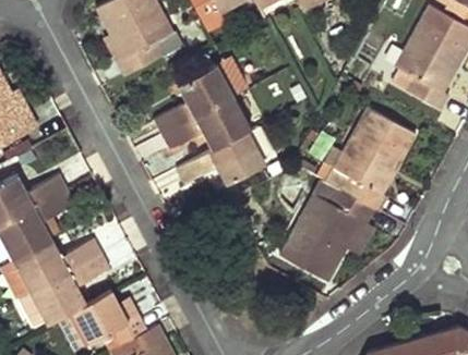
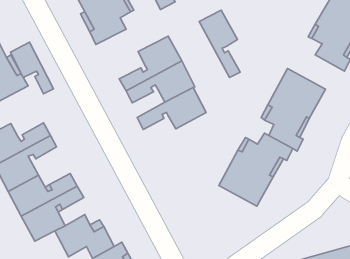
building: none -> [199,10,240,77]
building: none -> [10,42,54,94]

